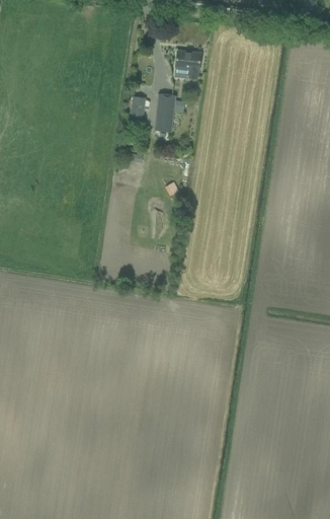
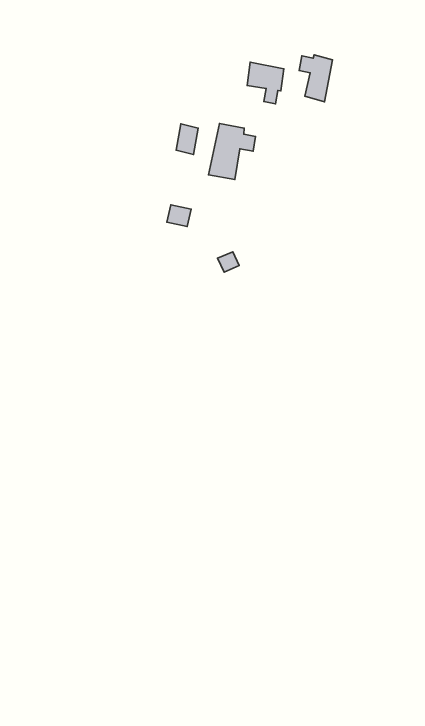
building: none -> [299,55,333,102]

